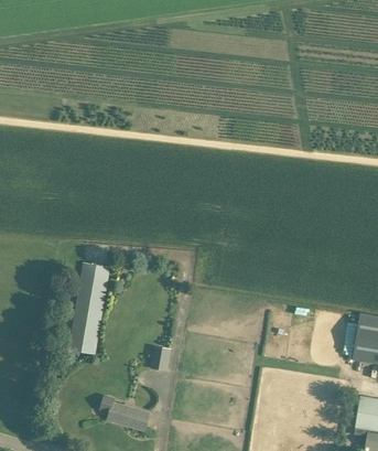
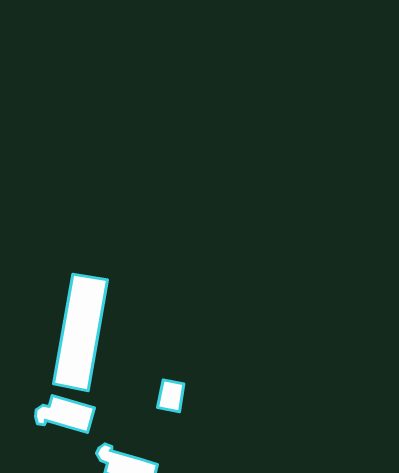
building: none -> [35,395,94,433]

